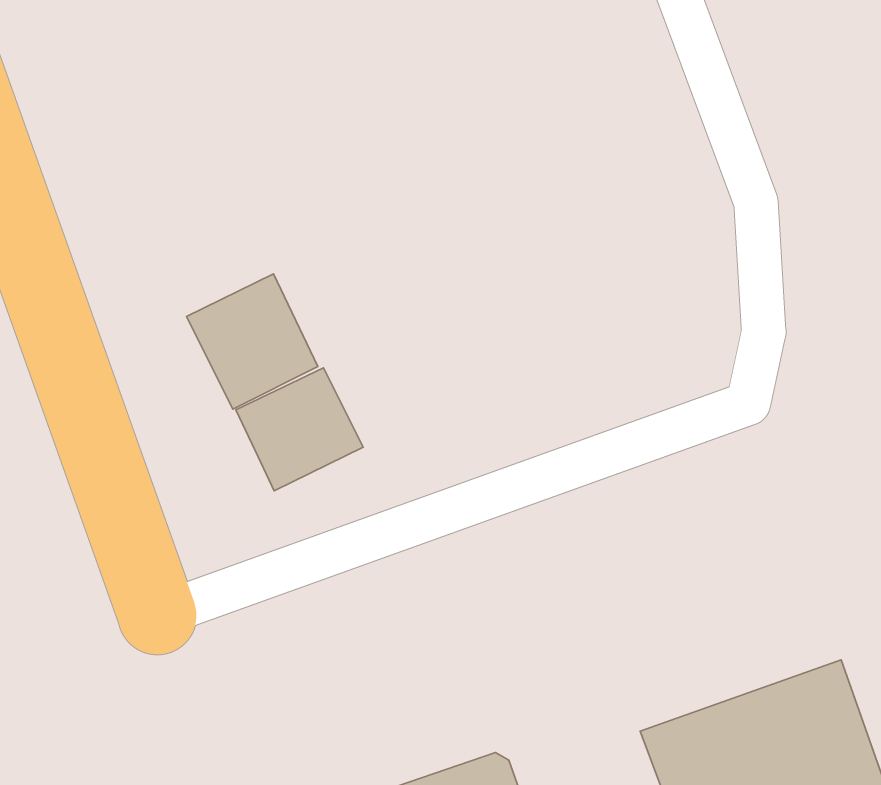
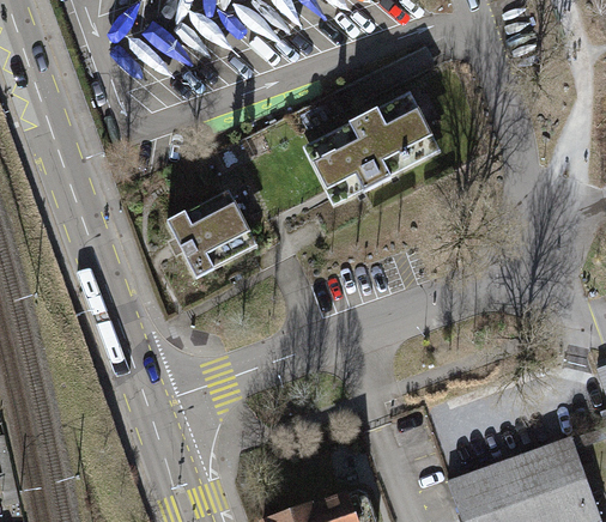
building: none -> [314,102,428,201]
building: [236,368,363,491] -> none

